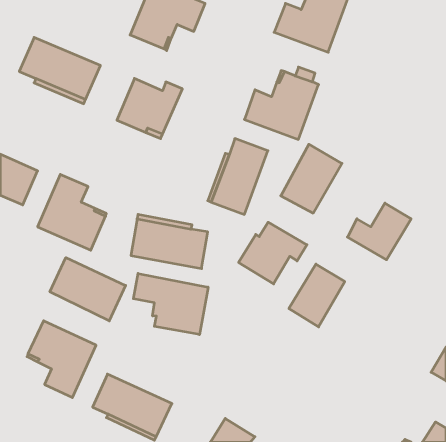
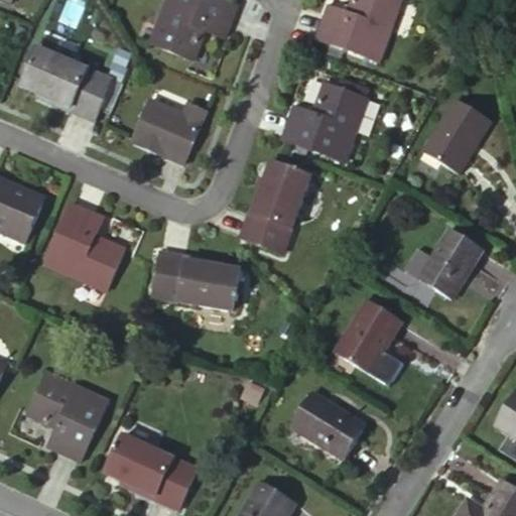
building: [281,144,342,213] -> [426,103,497,182]
building: [239,222,307,284] -> none
building: [50,258,126,321] -> none
building: [133,273,208,335] -> none
building: none -> [291,396,363,461]

